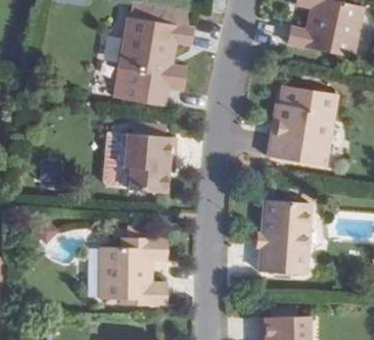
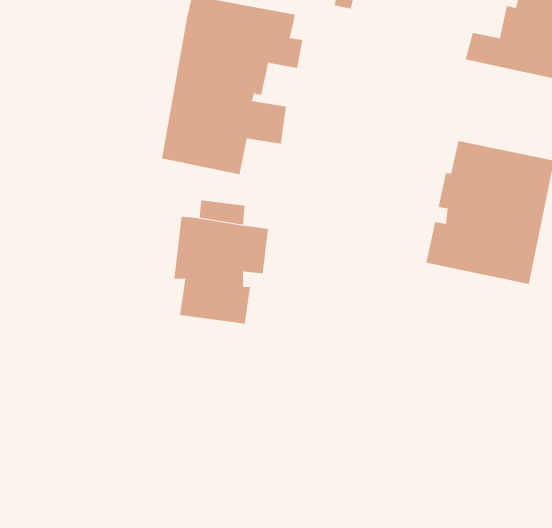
building: [260,200,311,275] -> none
building: [97,240,165,300] -> none

